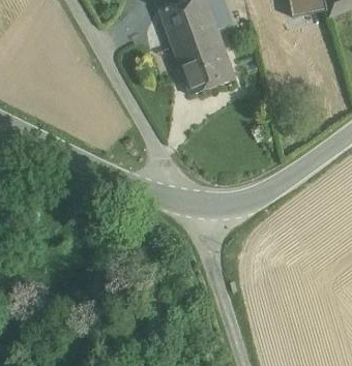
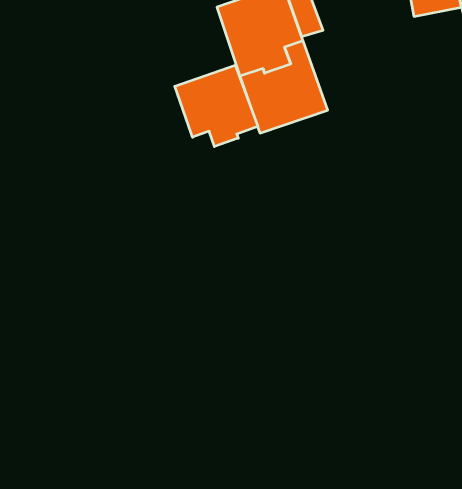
building: none -> [175,65,258,147]

